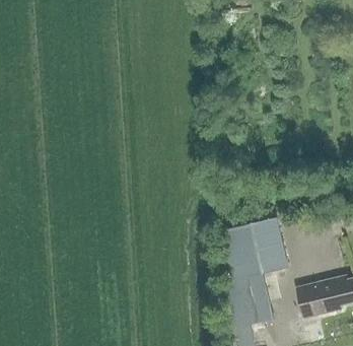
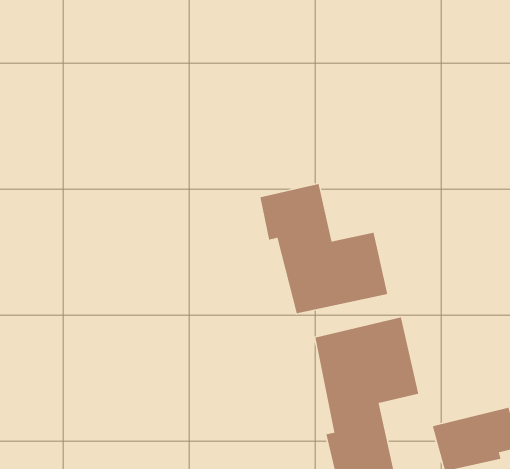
building: none -> [259,183,388,314]

